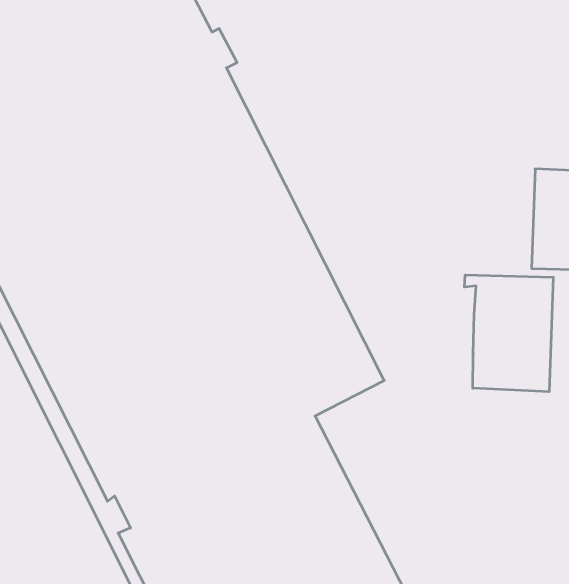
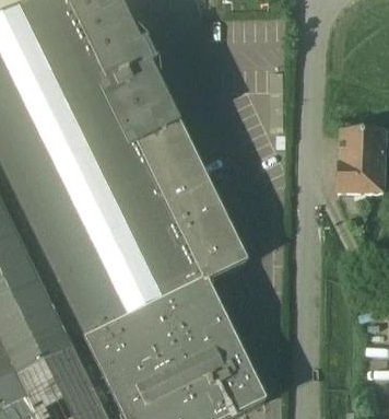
building: [464,275,553,392] -> none

